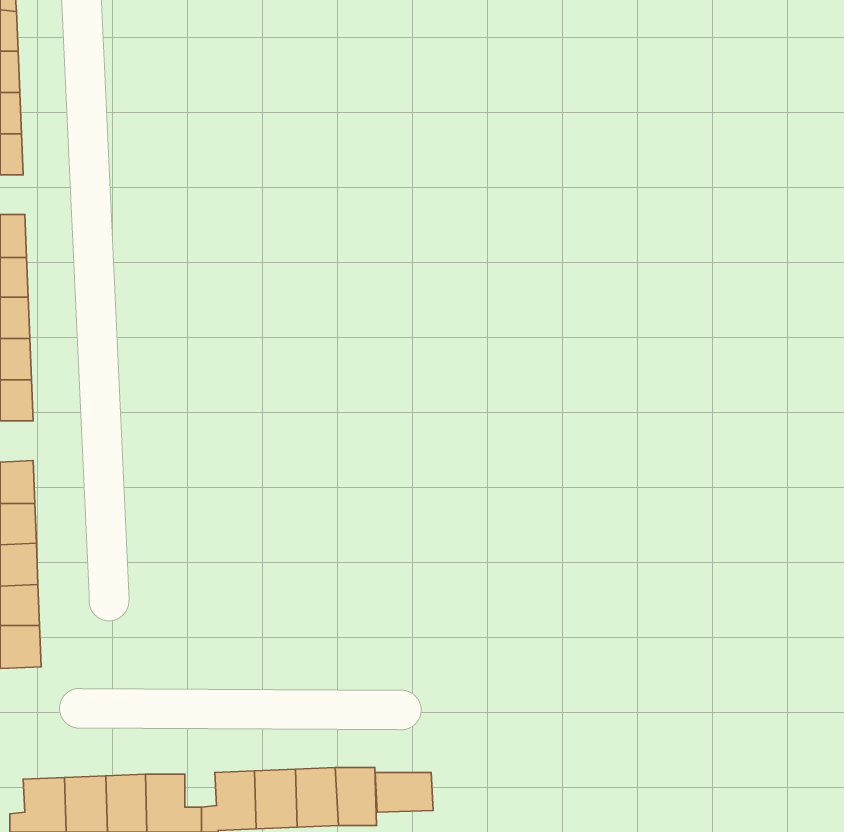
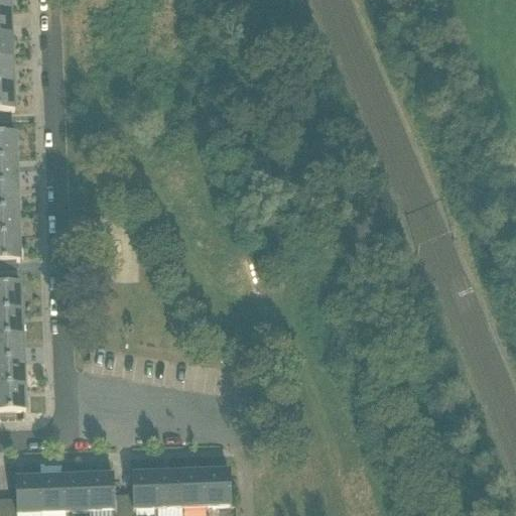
building: [375,773,433,812] -> none

